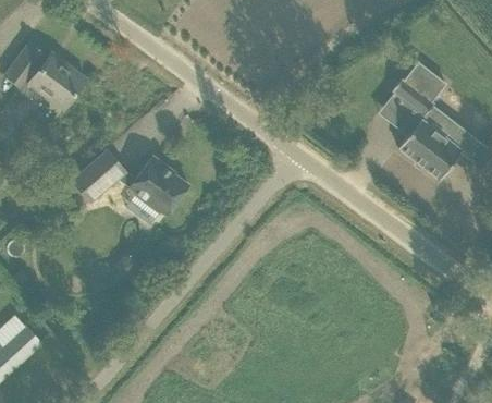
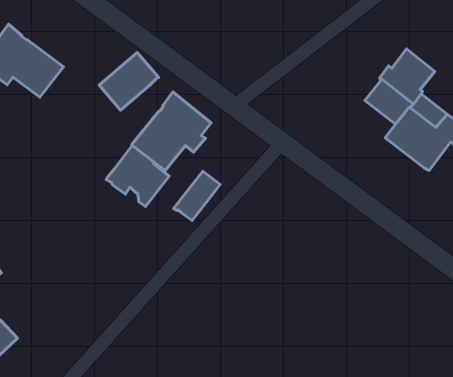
building: none -> [132,92,211,171]
building: [70,149,127,205] -> [99,53,159,110]
building: none -> [174,171,220,221]

